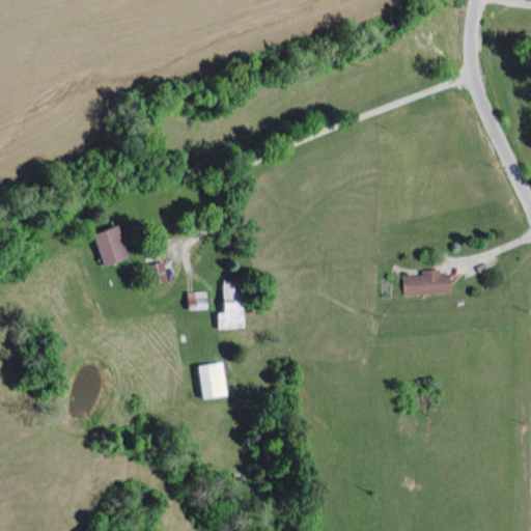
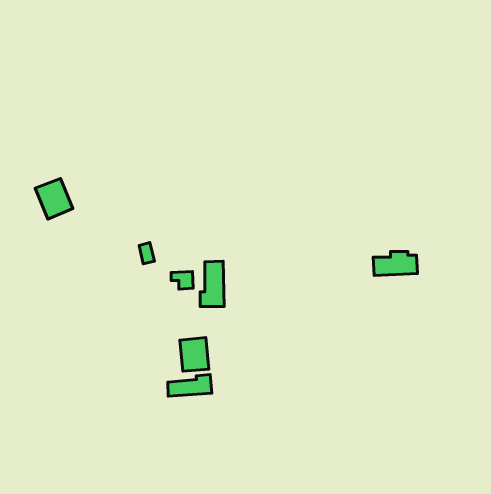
building: [87,224,128,268] -> [35,178,73,219]
building: none -> [168,375,212,396]

